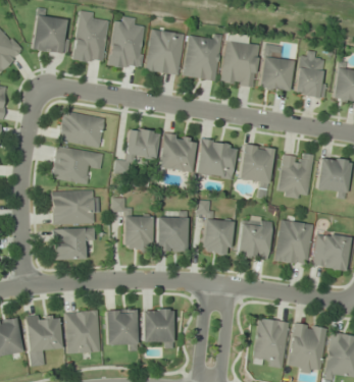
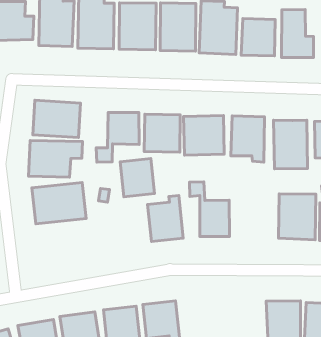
building: [237,216,272,260] -> none
building: [123,217,152,250] -> [120,159,155,197]
building: [53,228,95,260] -> none

